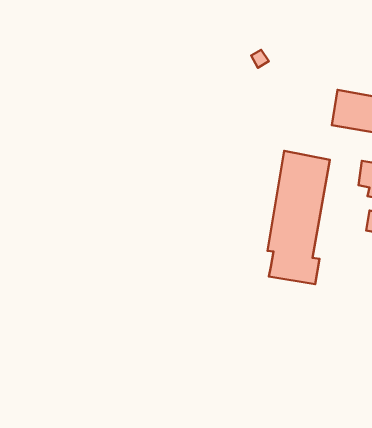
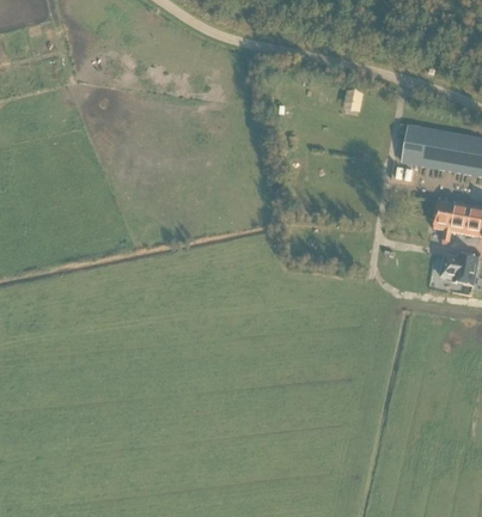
building: [268,151,330,284] -> none

